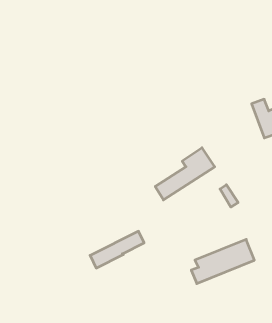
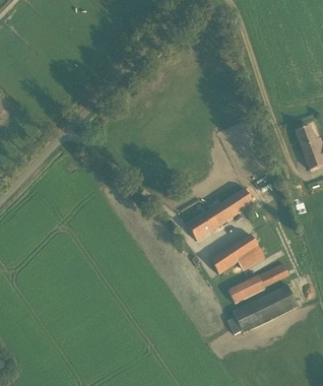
building: none -> [209,234,264,273]
building: [90,231,144,268] -> [228,262,288,304]

